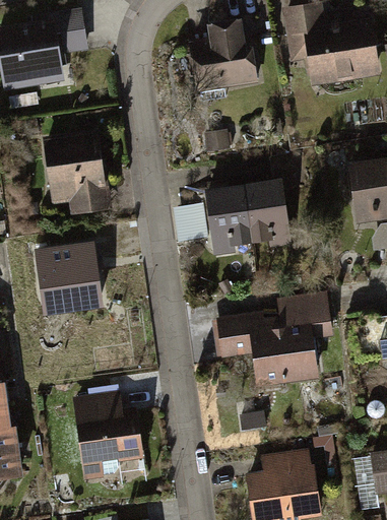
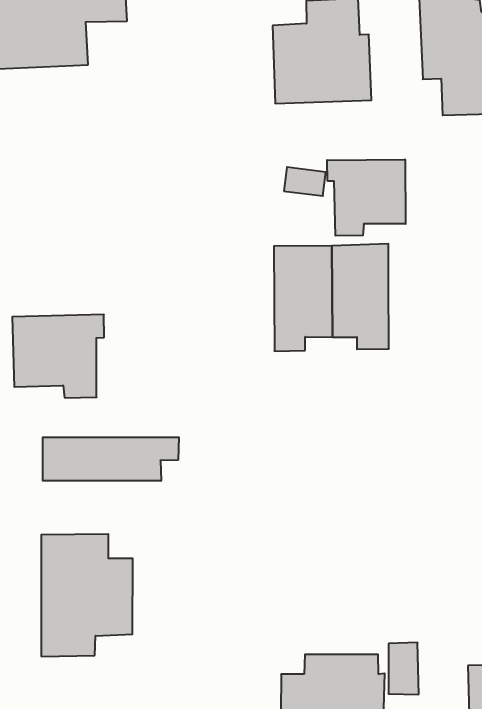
building: none -> [327,159,406,236]
building: [40,131,108,215] -> none
building: [211,294,331,387] -> none
building: none -> [43,437,179,481]

